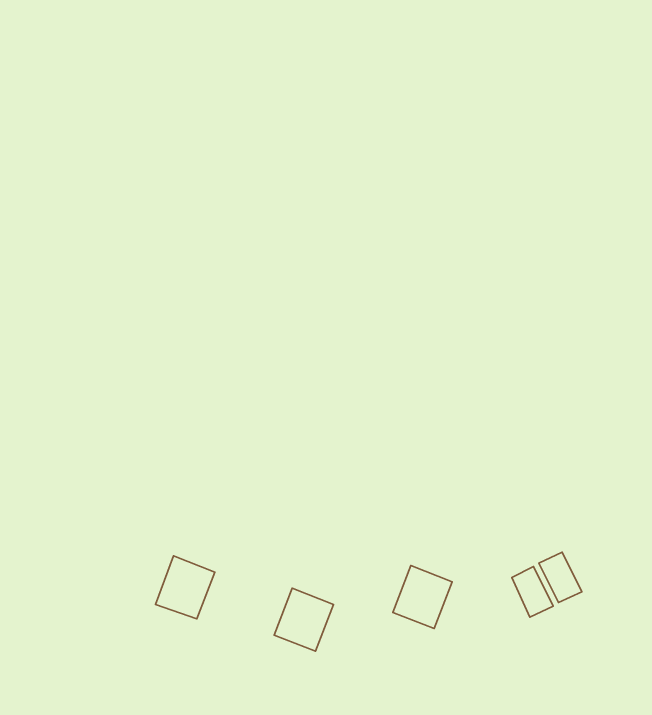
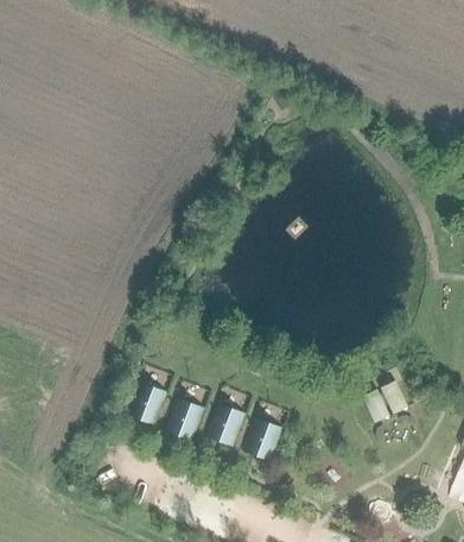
building: [393,566,452,629] -> [244,418,284,460]
building: none -> [166,398,205,440]

